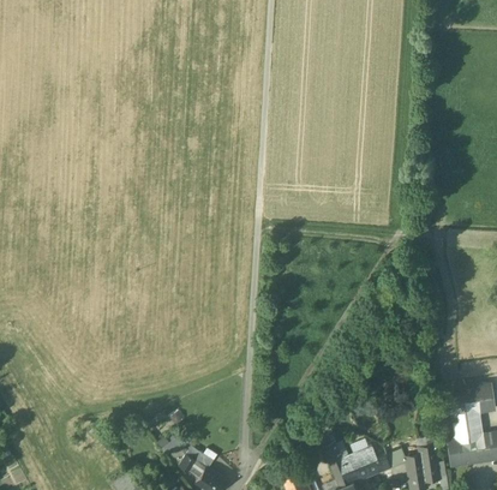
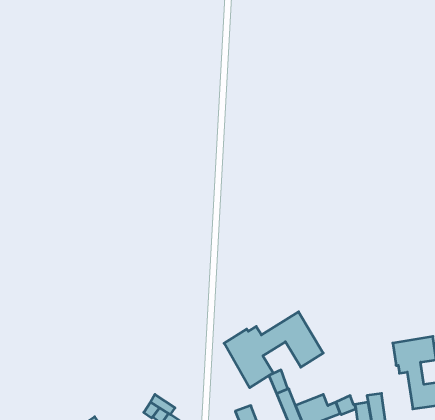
building: none -> [224,312,323,388]
building: [449,424,469,466] -> none

